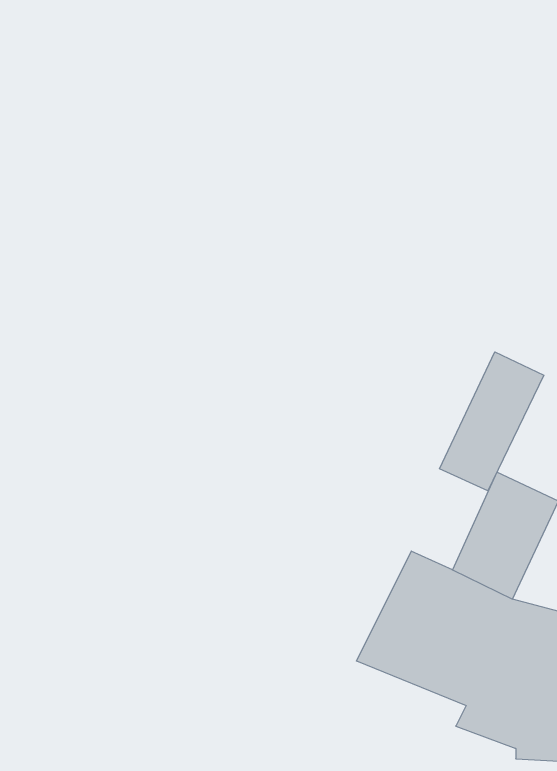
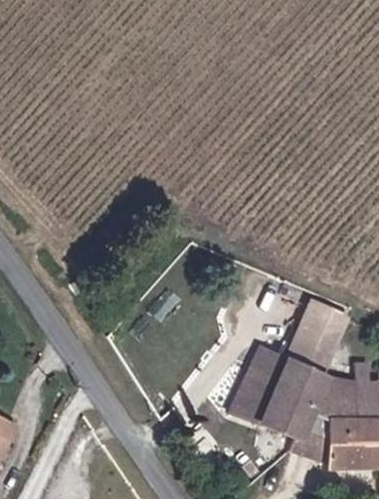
building: [440,352,544,491] -> none

